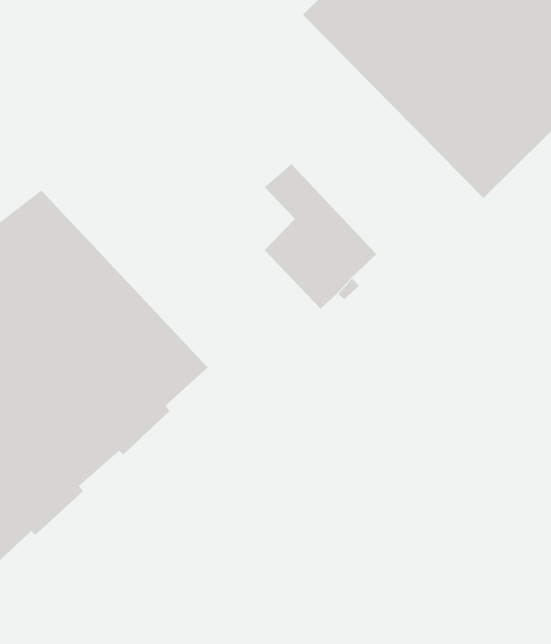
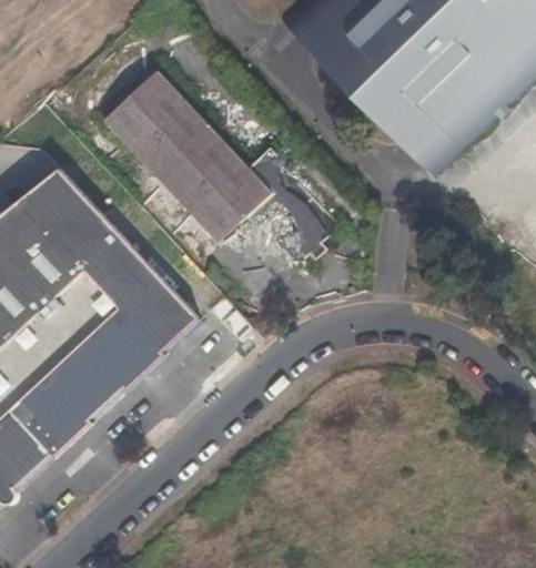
building: none -> [101,70,272,243]

